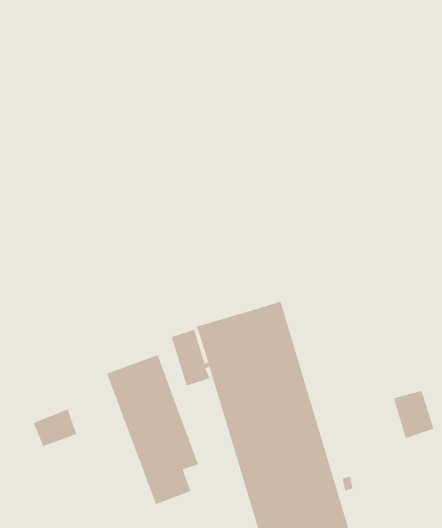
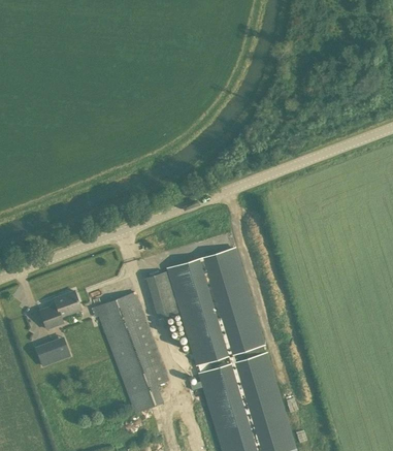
building: none -> [39,291,81,329]
building: [393,390,434,439] -> none

